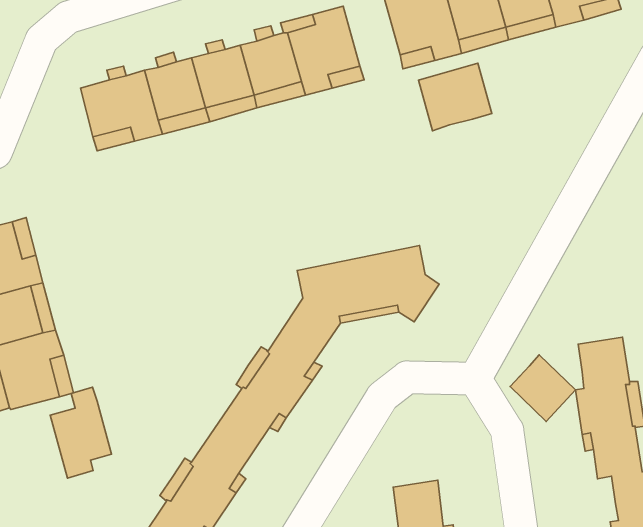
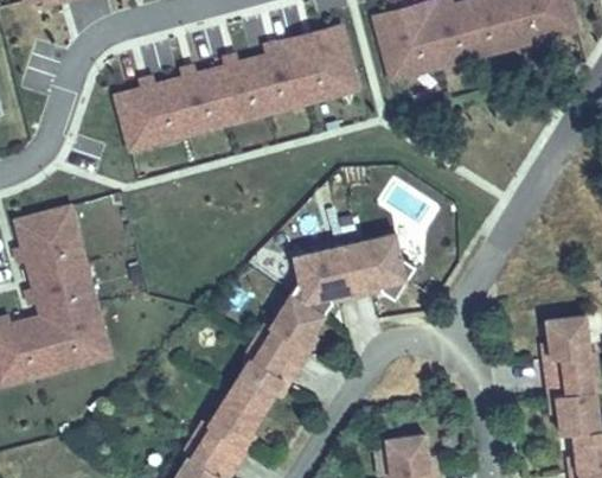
building: [418,63,492,131] -> none
building: [510,355,575,421] -> none
building: [50,387,112,478] -> none

